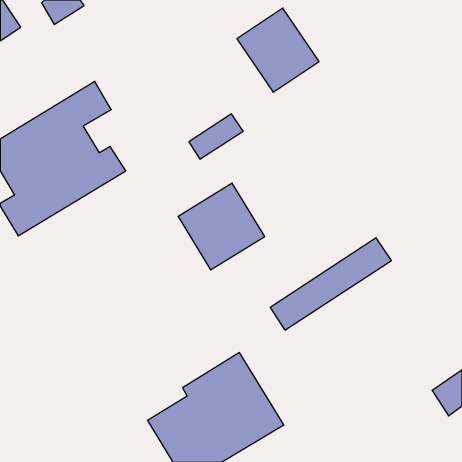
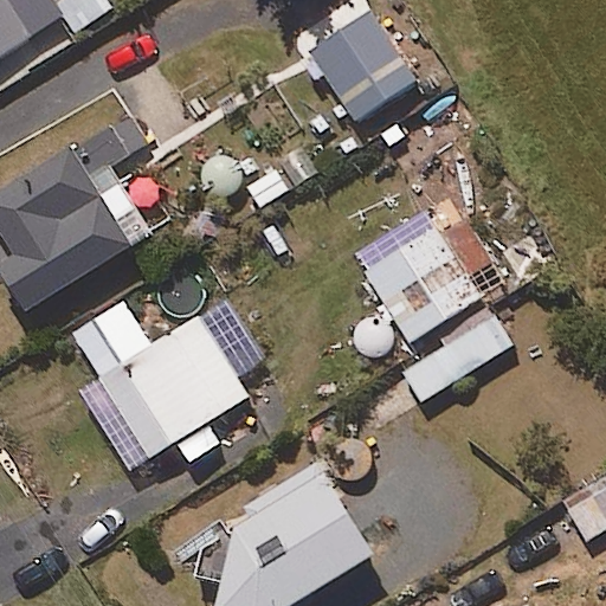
building: [178,183,265,270] -> [366,226,479,340]
building: none -> [101,316,249,459]

